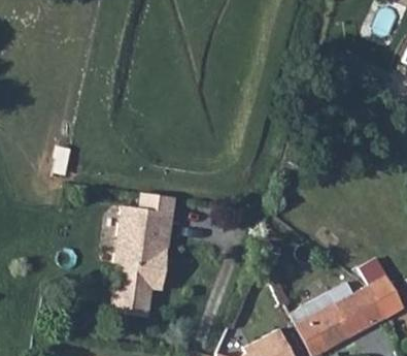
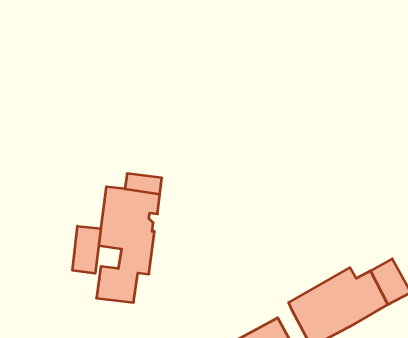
building: none -> [73,226,101,273]

